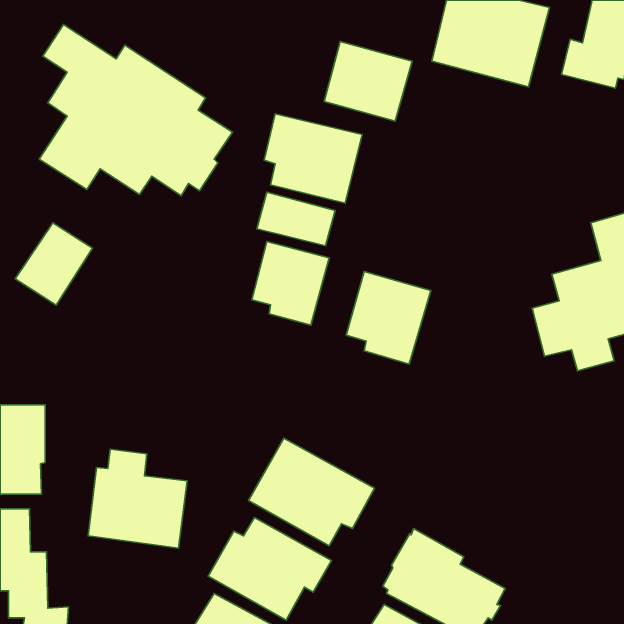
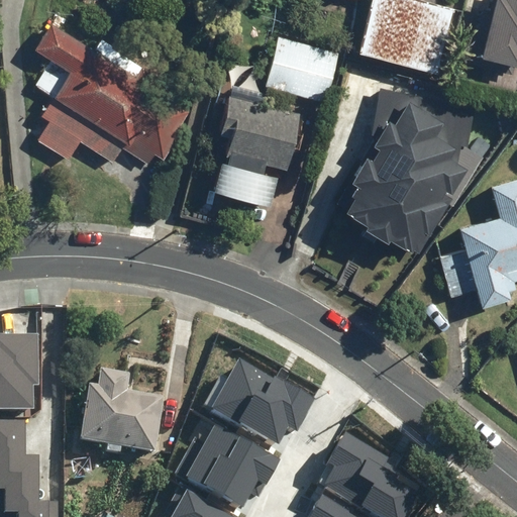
building: none -> [347,92,474,257]
building: [15,223,93,305] -> none
building: [252,242,329,325] -> none
building: [346,272,431,364] -> none

